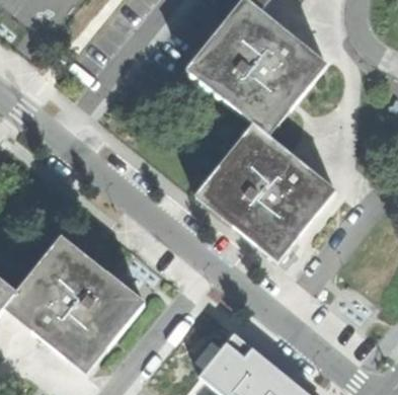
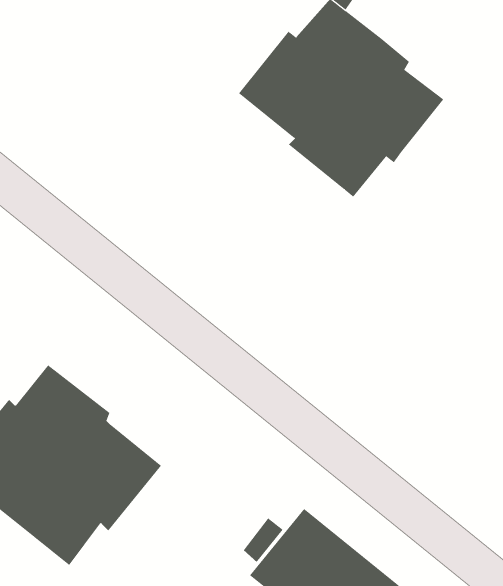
building: [200,127,332,258] -> none

